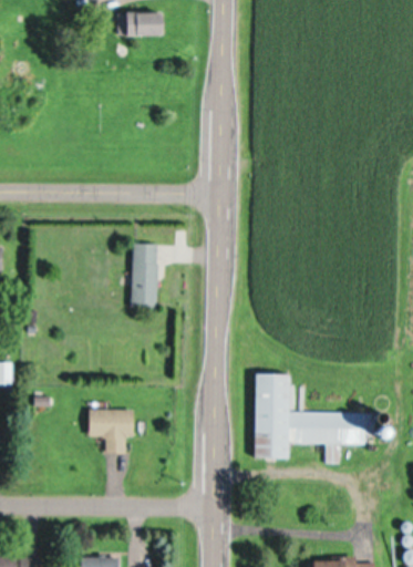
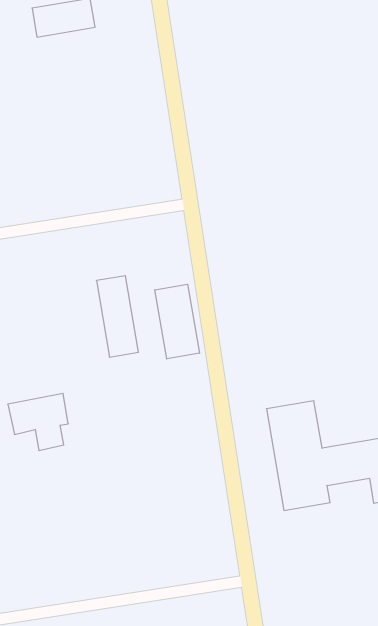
building: none -> [155,284,199,359]
building: [87,411,134,454] -> [8,393,68,451]

